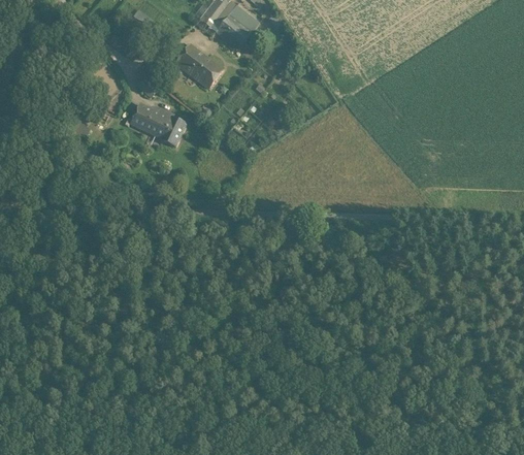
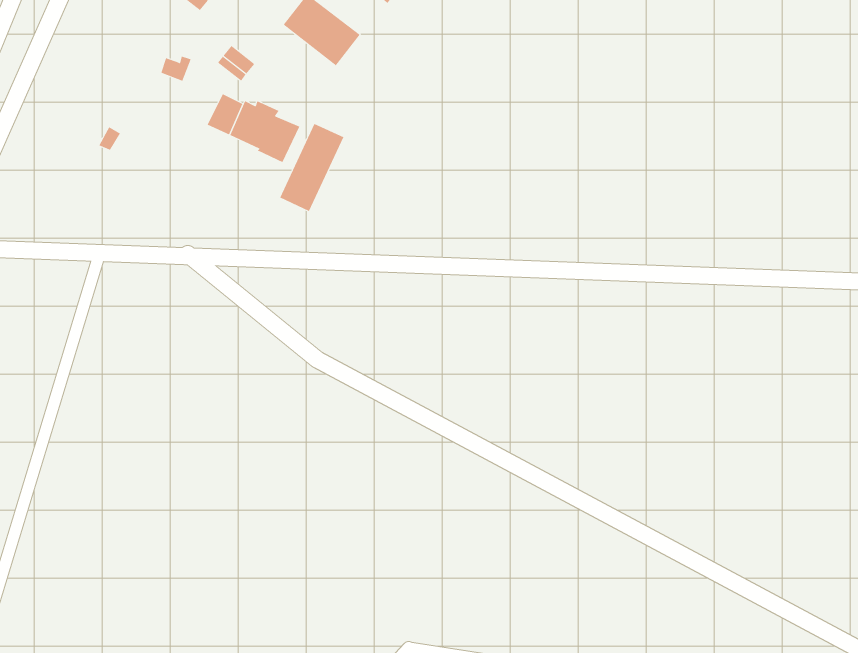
building: none -> [279,123,344,212]

